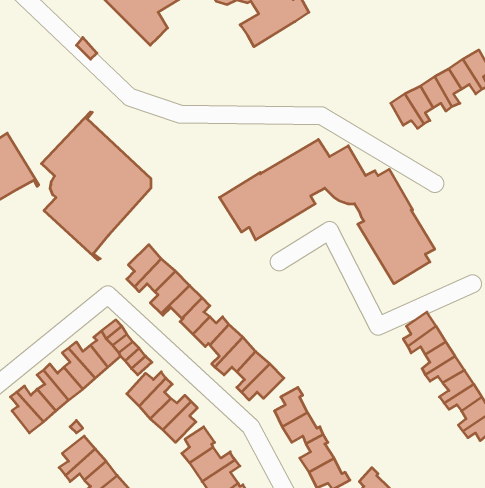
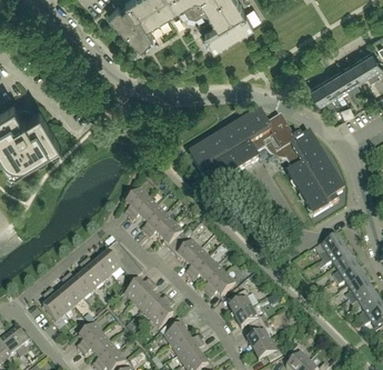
building: [41,112,151,260] -> none

